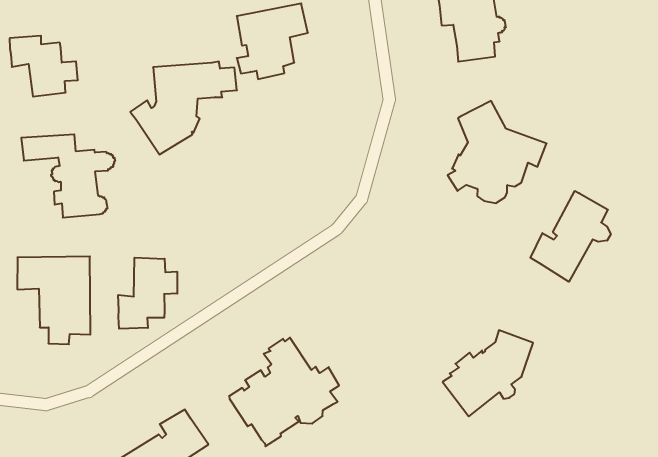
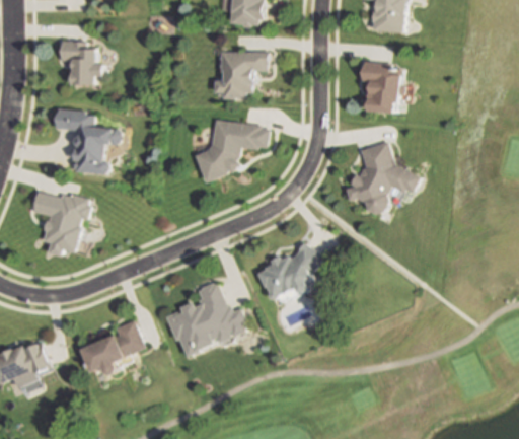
building: [130,62,237,155] -> [192,121,270,182]
building: [530,191,611,282] -> none
building: [118,258,177,329] -> none
building: [443,330,533,416] -> [257,243,325,300]

